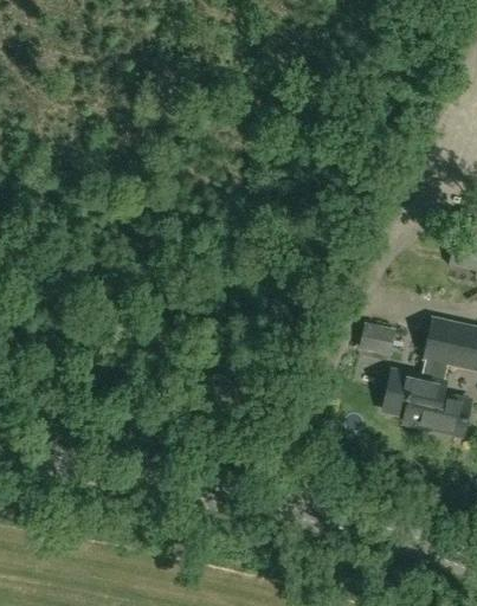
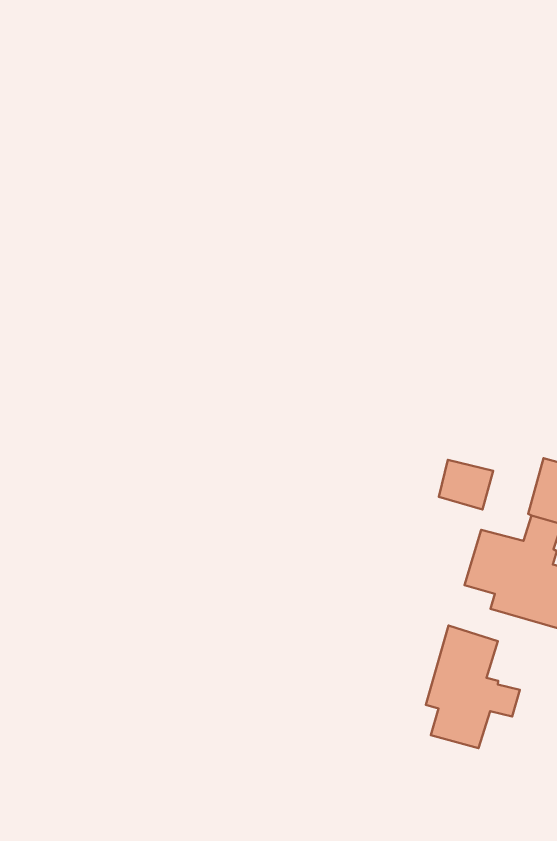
building: none -> [426,625,520,748]

